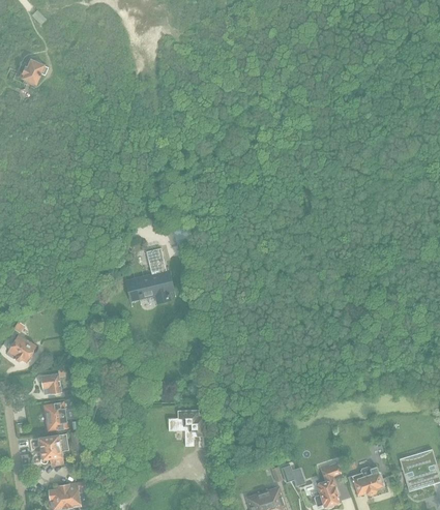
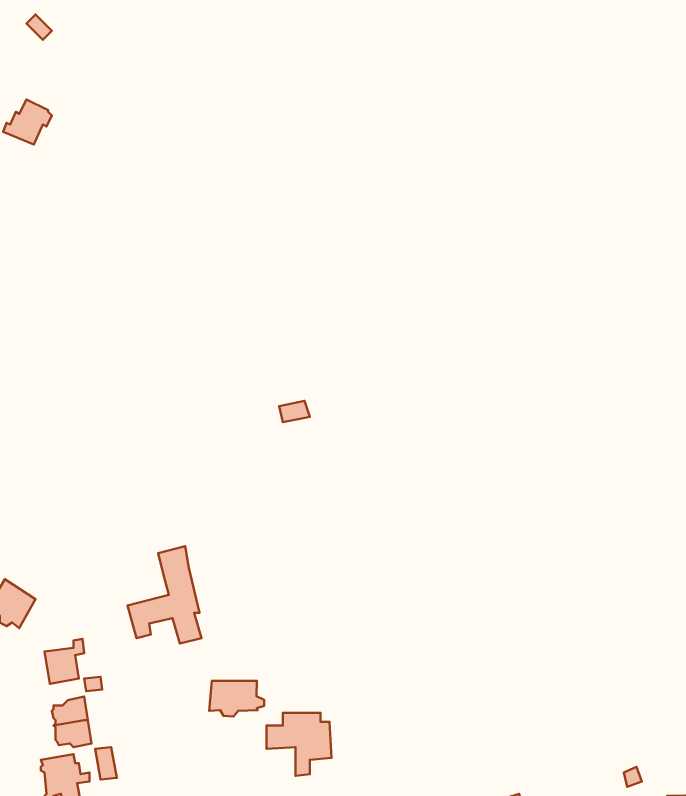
building: [127,247,170,303] -> [127,546,201,643]
building: none -> [209,681,264,716]

